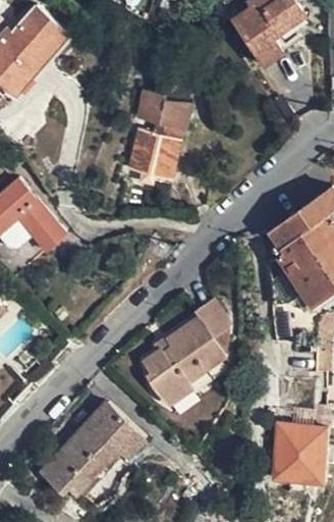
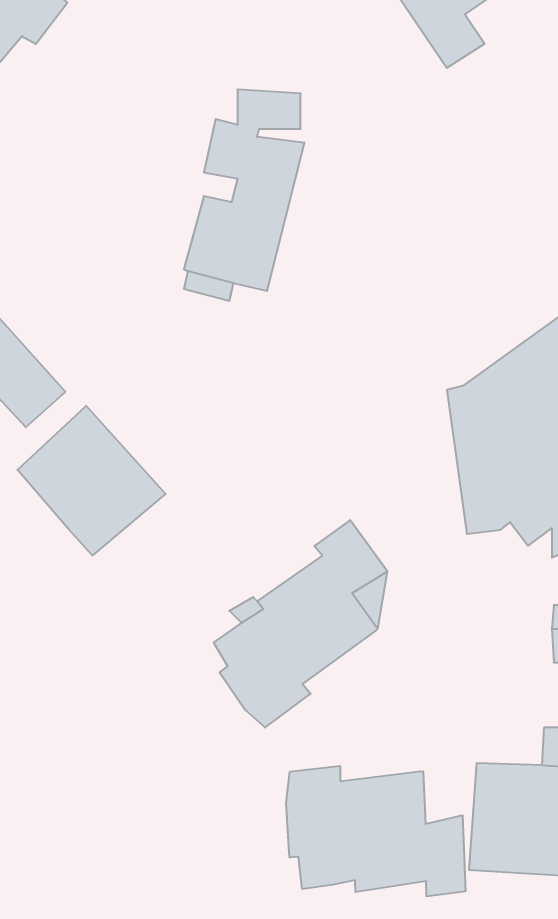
building: none -> [17,406,166,555]
building: [41,402,147,495] -> none
building: none -> [286,766,465,896]

